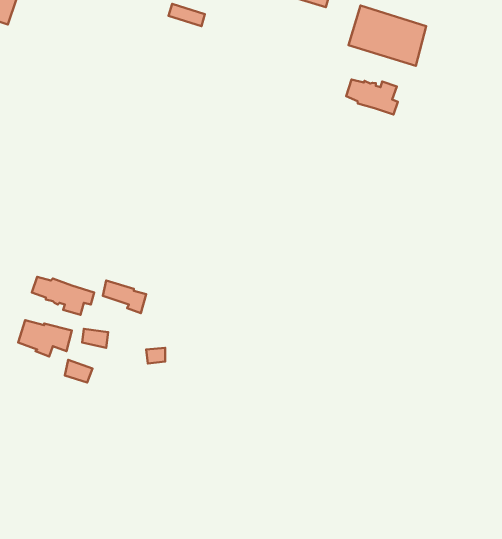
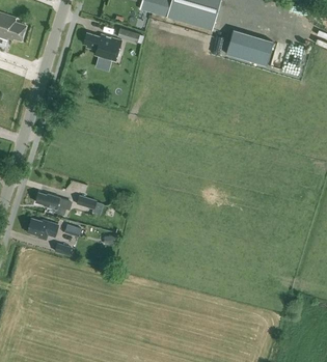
building: none -> [84,32,121,60]
building: [346,79,398,115] -> none

